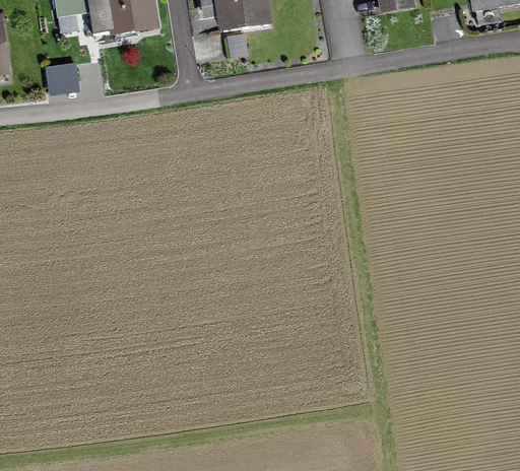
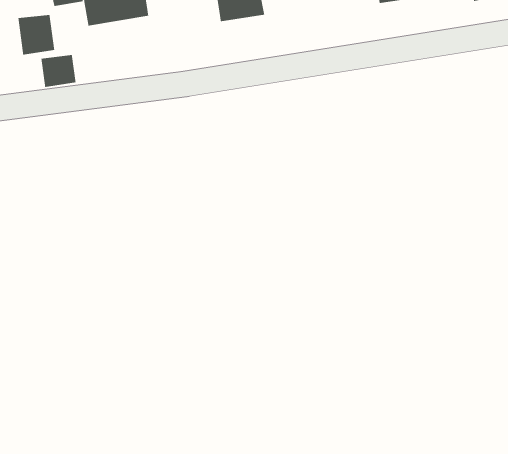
building: none -> [17,14,55,55]

